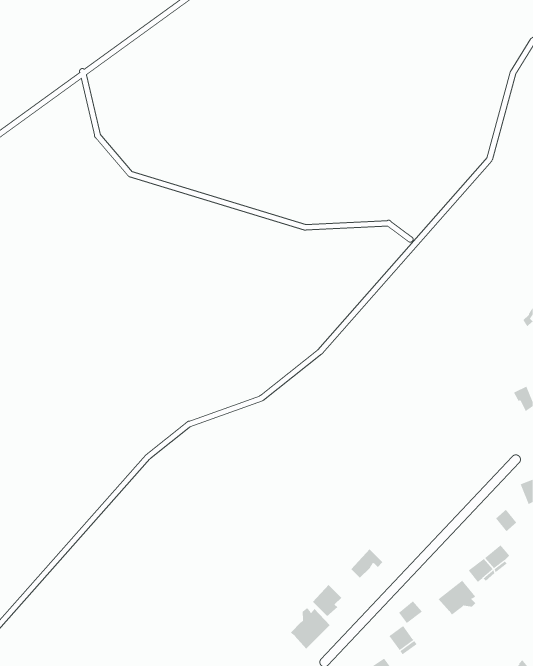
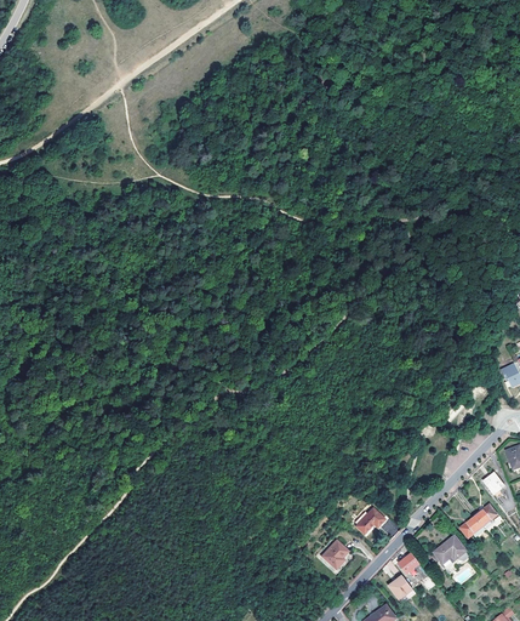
building: [290,607,330,649] -> none

